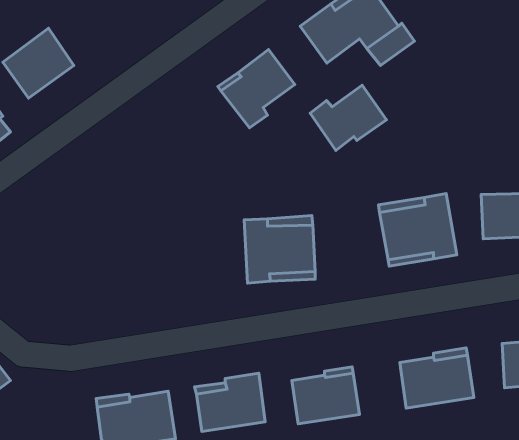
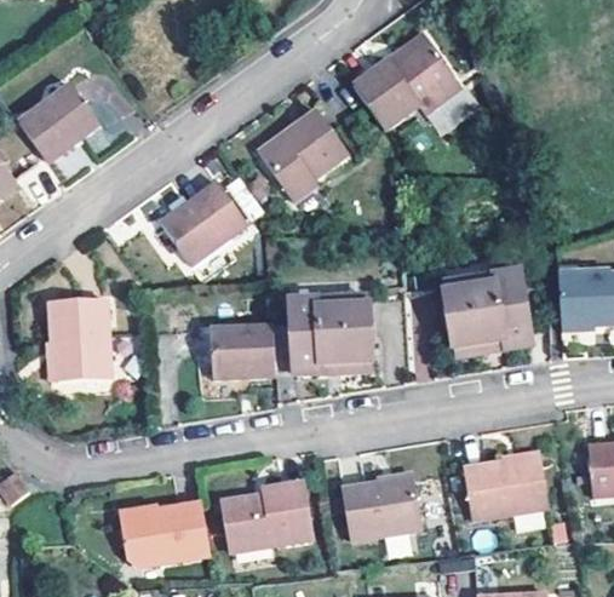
building: [310,85,386,150] -> none
building: none -> [160,180,246,264]
building: none -> [44,299,104,381]
building: none -> [208,325,275,380]

